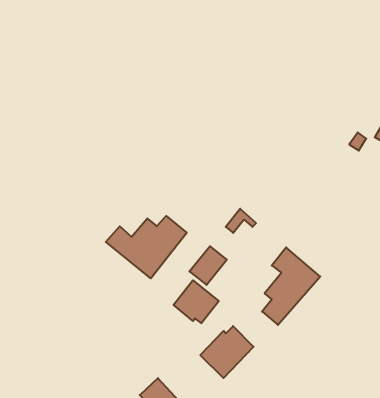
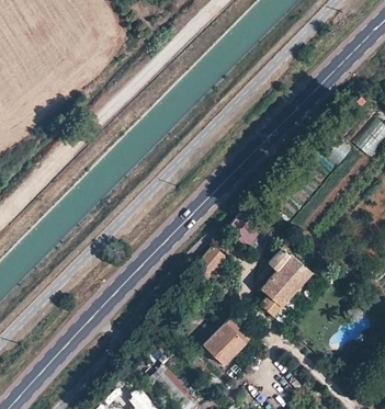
building: [106,216,187,278] -> none
building: [174,280,219,323] -> none

